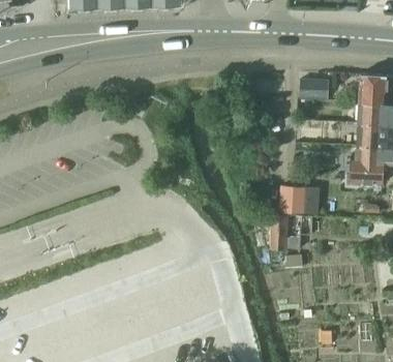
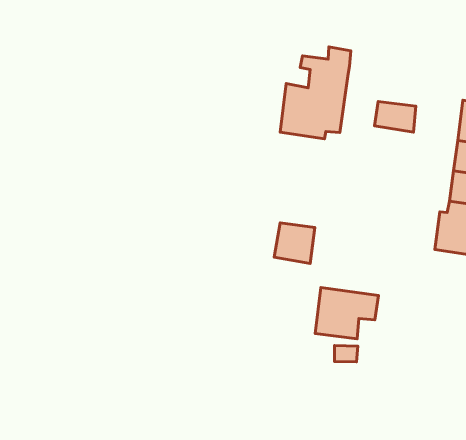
building: none -> [280,47,351,139]
building: [278,186,305,213] -> [274,223,315,263]

